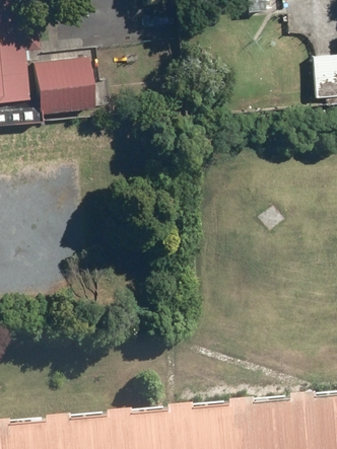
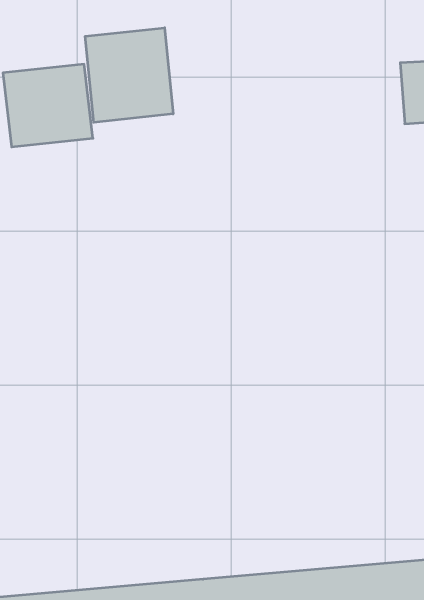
building: none -> [85,28,173,122]

